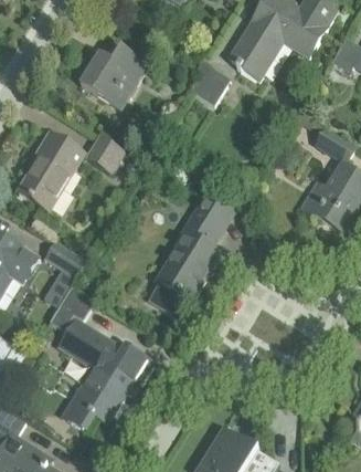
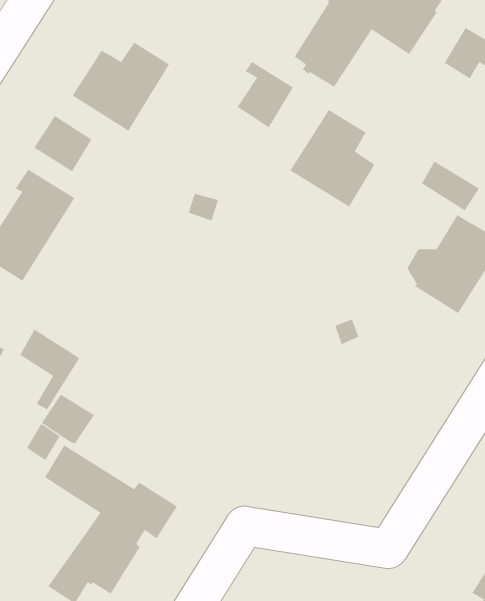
building: none -> [290,109,375,208]
building: [85,136,125,175] -> [33,115,92,172]
building: [150,196,232,316] -> none

